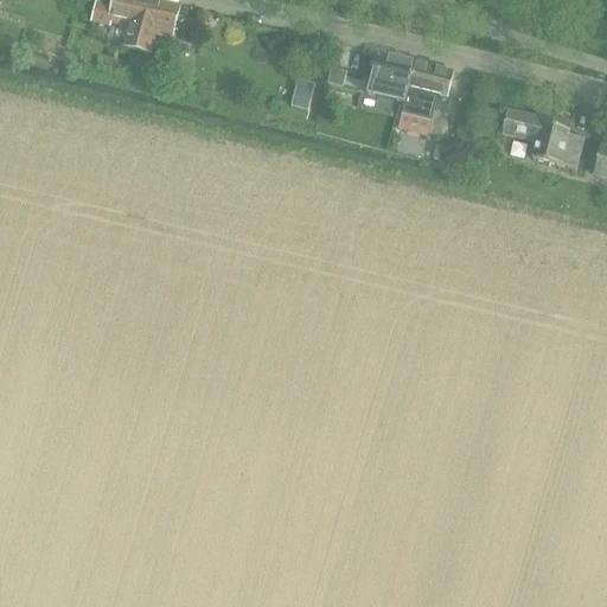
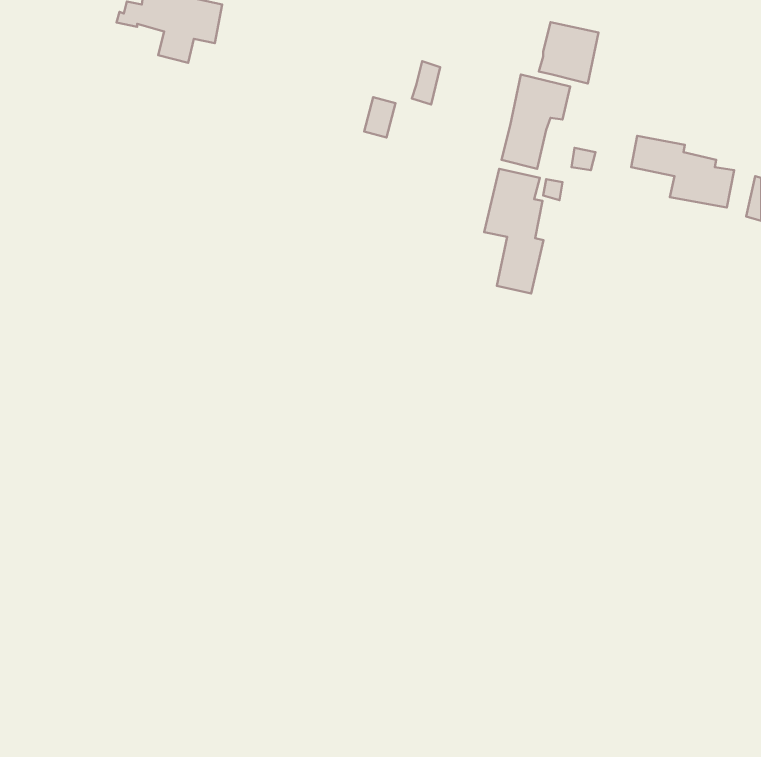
building: [366,51,414,100] -> [539,22,598,83]
building: none -> [484,169,543,293]

